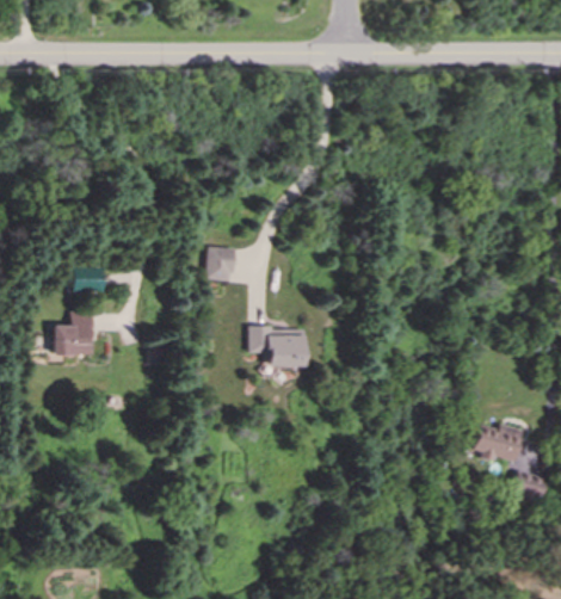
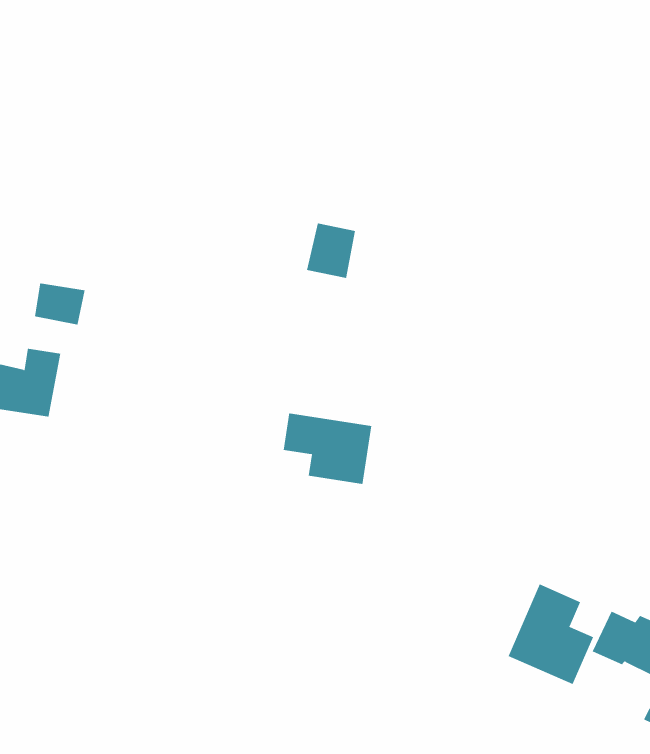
building: [205,247,234,280] -> [306,223,356,278]
building: none -> [508,584,594,685]

